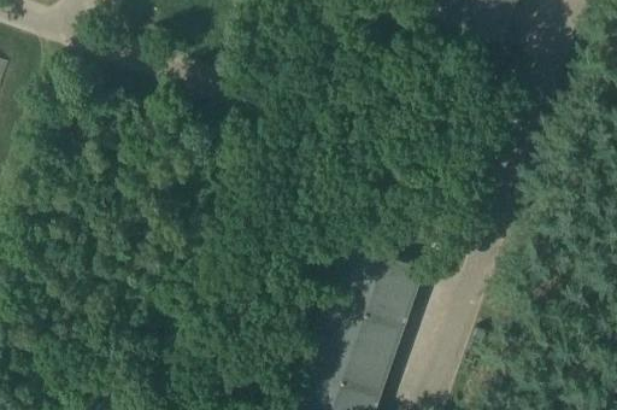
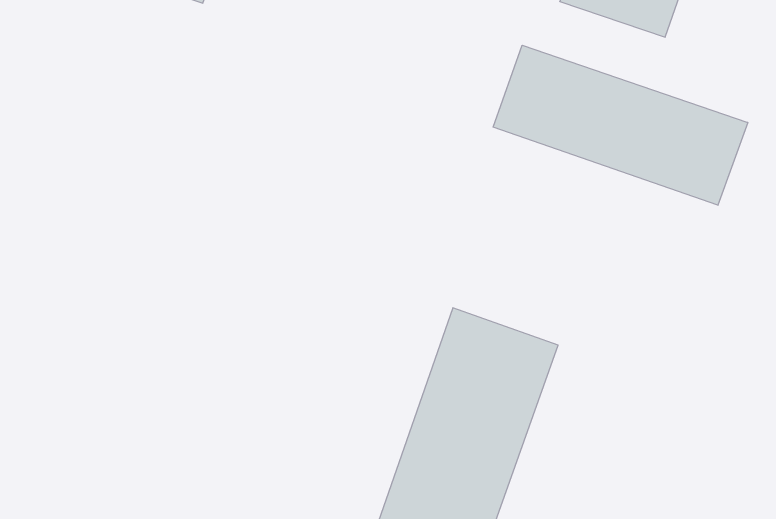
building: none -> [493,45,748,205]

